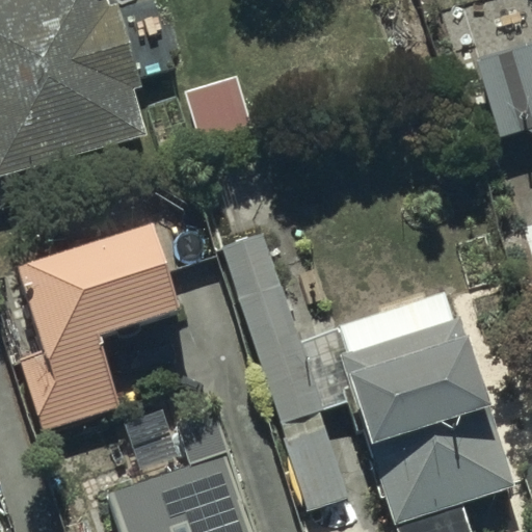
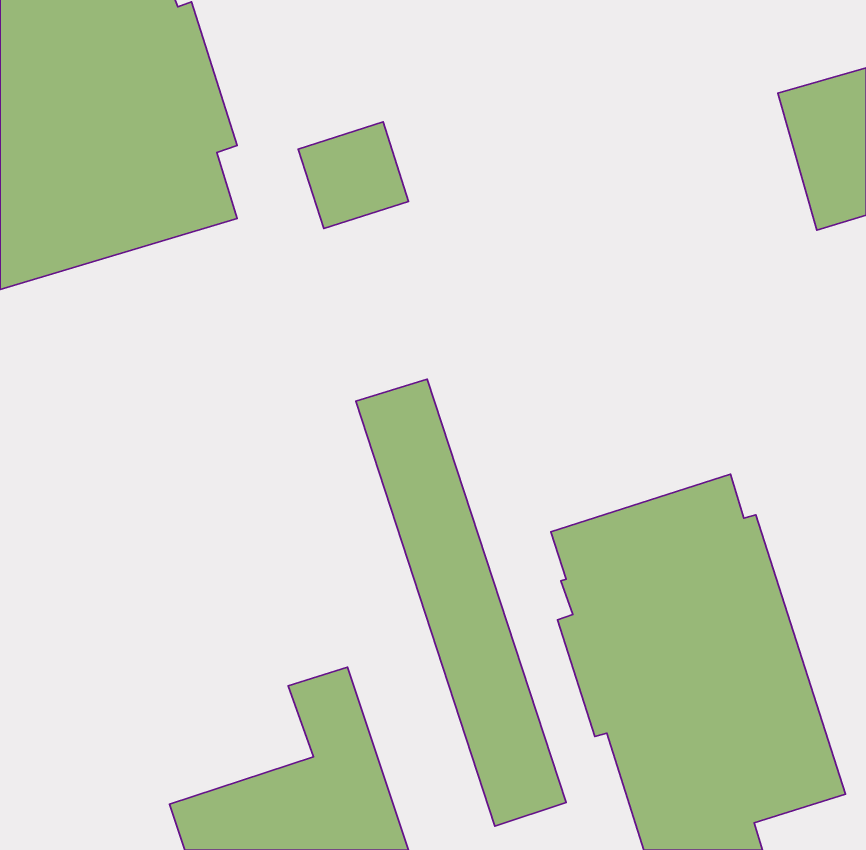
building: [20,229,176,426] -> none

